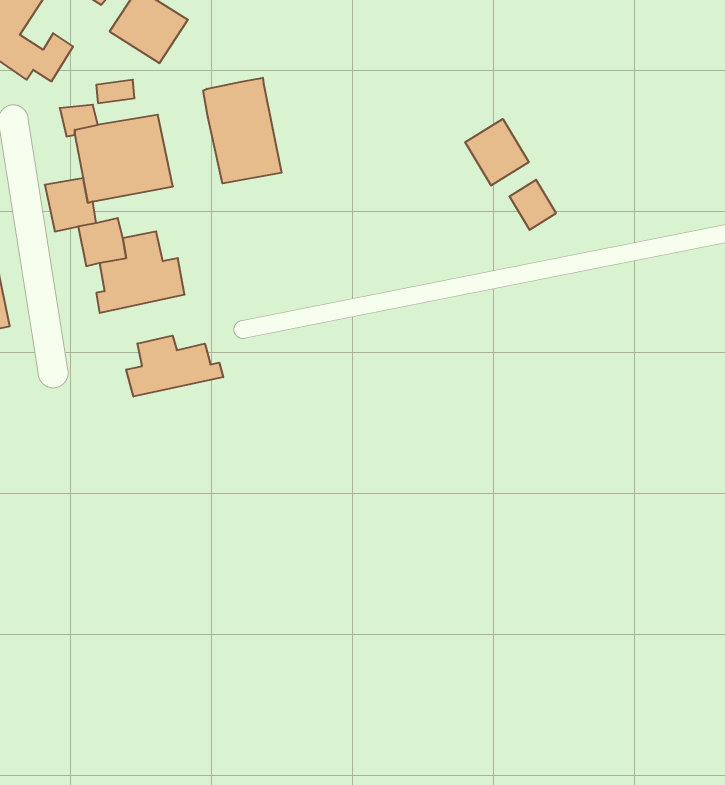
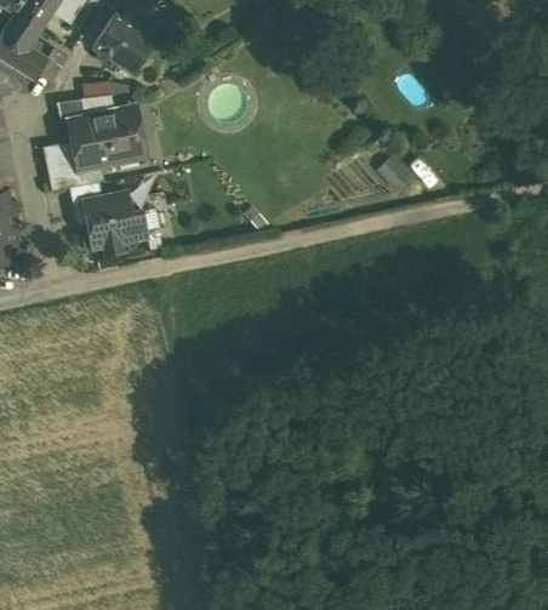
building: [203,78,282,183] -> none
building: [465,119,529,186] -> none
building: [126,336,223,397] -> none

